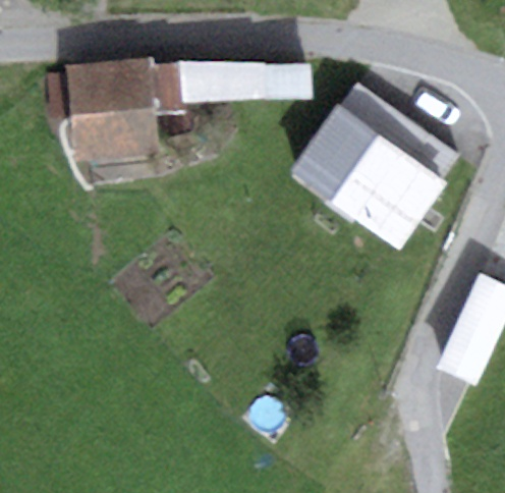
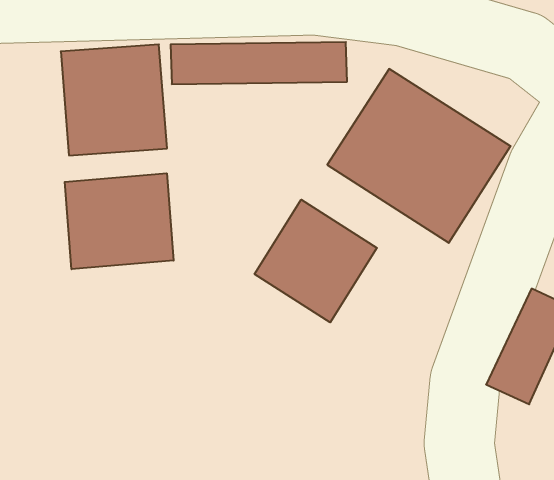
building: none -> [65,173,174,269]
building: none -> [255,200,377,322]

